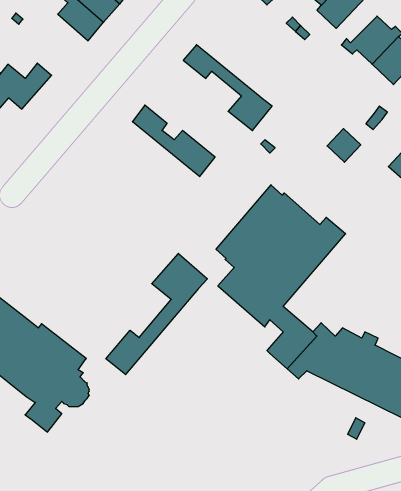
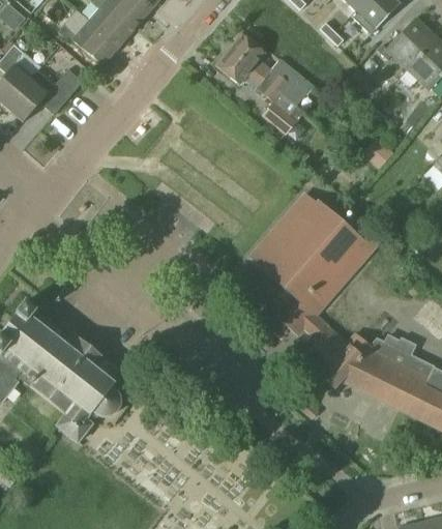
building: none -> [58,19,120,64]
building: [132,105,215,177] -> [230,33,314,106]
building: [106,253,207,375] -> none

